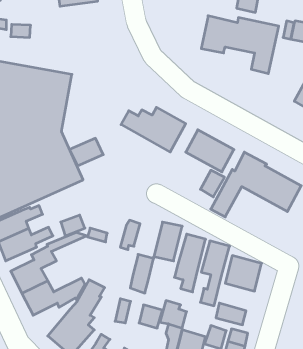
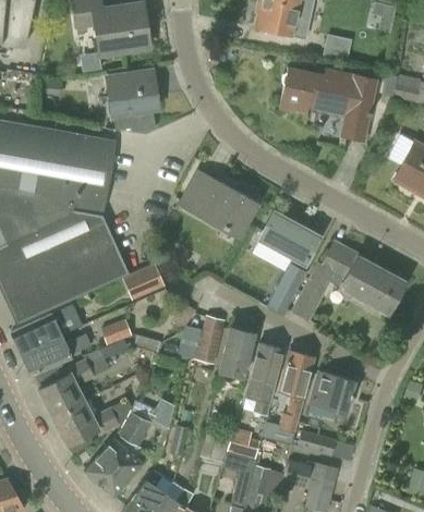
building: none -> [108,71,158,124]
building: [70,138,103,166] -> [123,265,166,300]
building: [130,254,154,293] -> [196,316,226,365]

